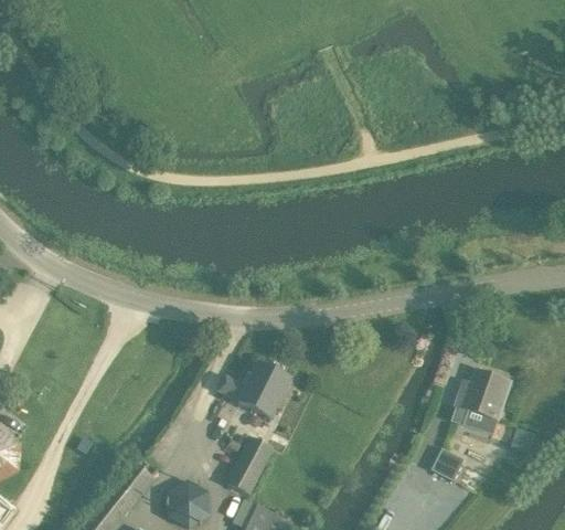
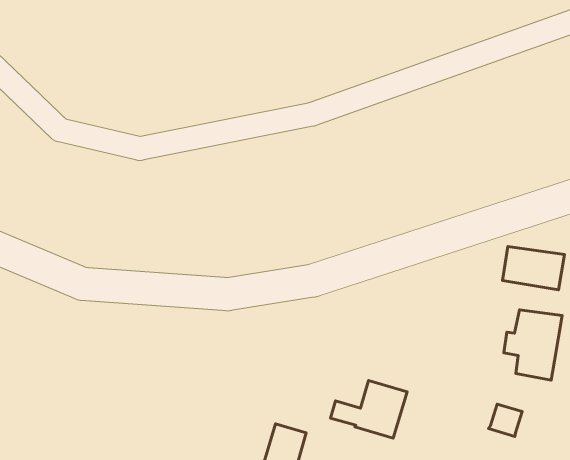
building: none -> [502,246,565,290]
building: [217,365,288,420] -> [331,380,407,438]

